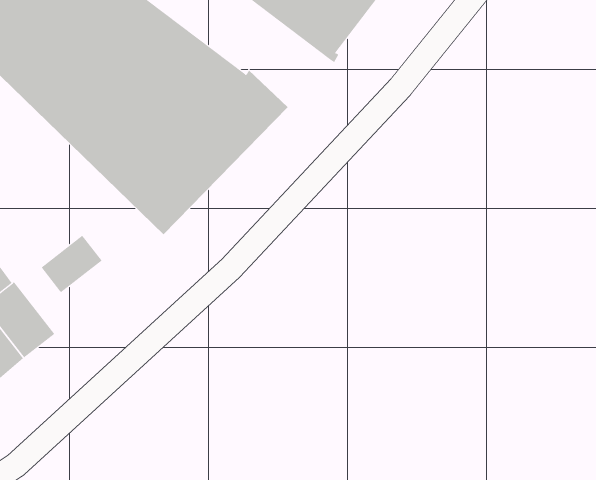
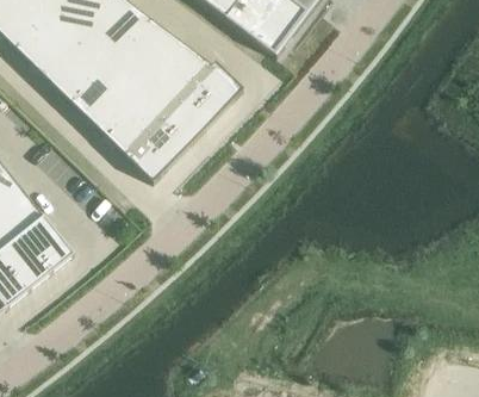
building: [41,235,102,293] -> none

